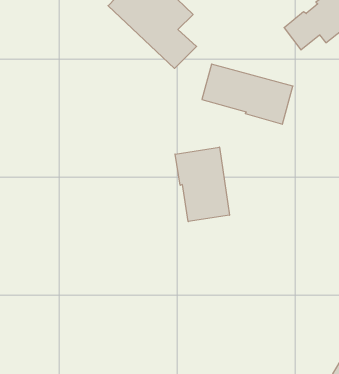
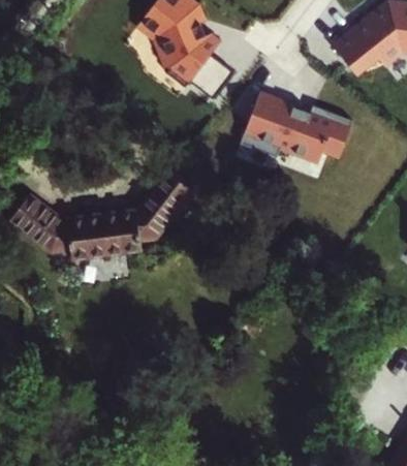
building: none -> [11,173,193,257]
building: [175,147,229,222] -> none

